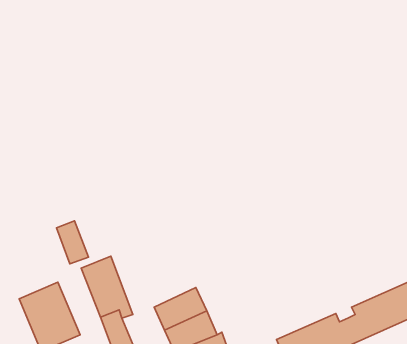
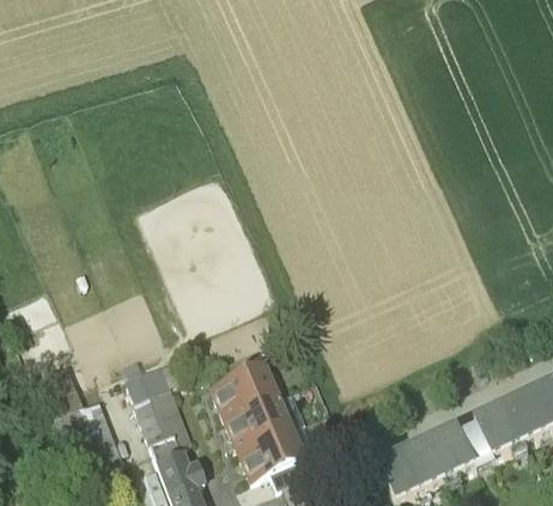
building: [57,221,88,264] -> none
building: none -> [202,361,271,416]

